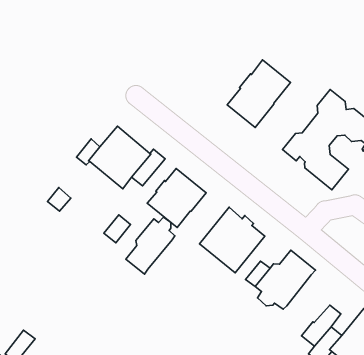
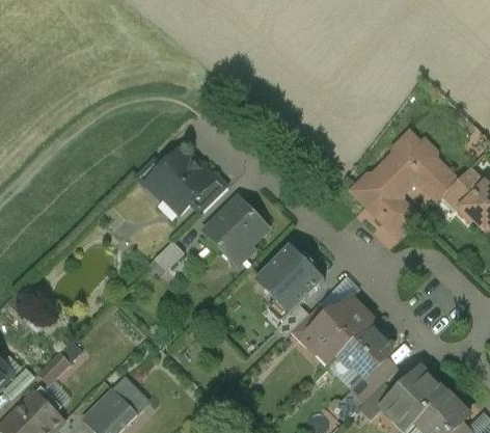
building: [227,60,291,127] -> none
building: [126,217,175,274] -> none
building: none -> [338,324,388,375]

